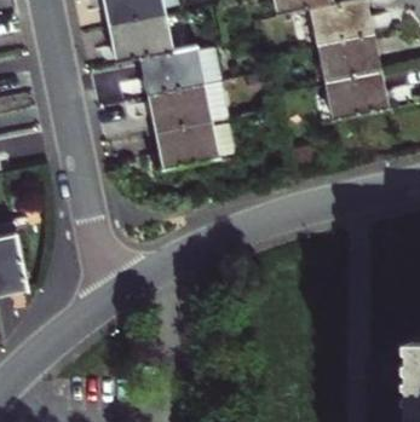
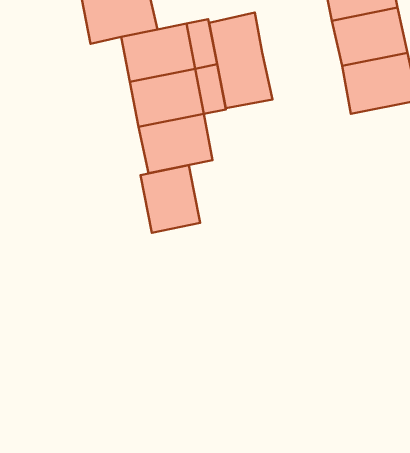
building: none -> [209,12,272,108]
building: none -> [140,165,200,233]

